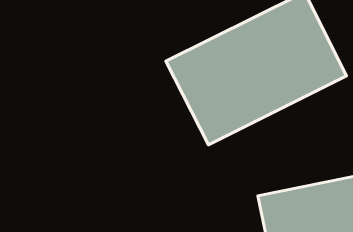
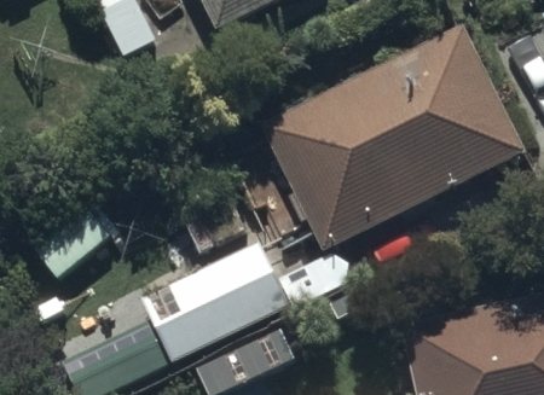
building: none -> [145,239,290,359]

